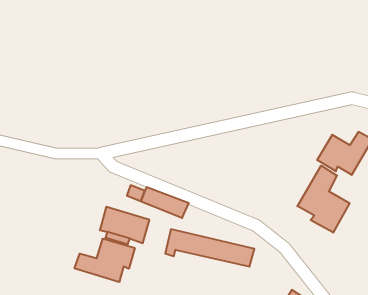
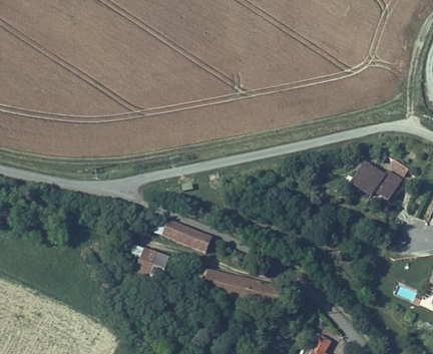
building: [297,166,350,233] -> none
building: [75,239,135,282] -> none

